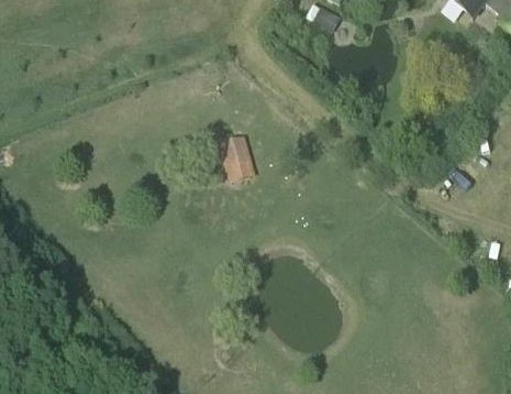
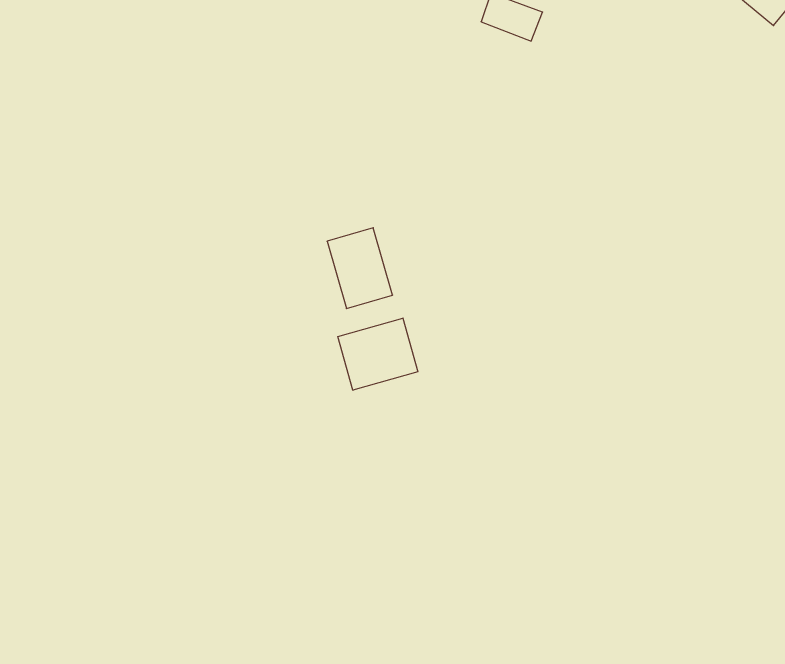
building: none -> [338,318,418,390]

